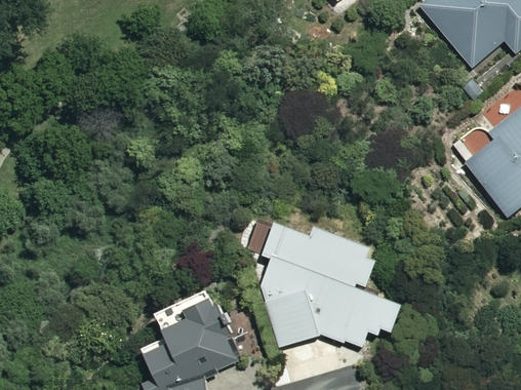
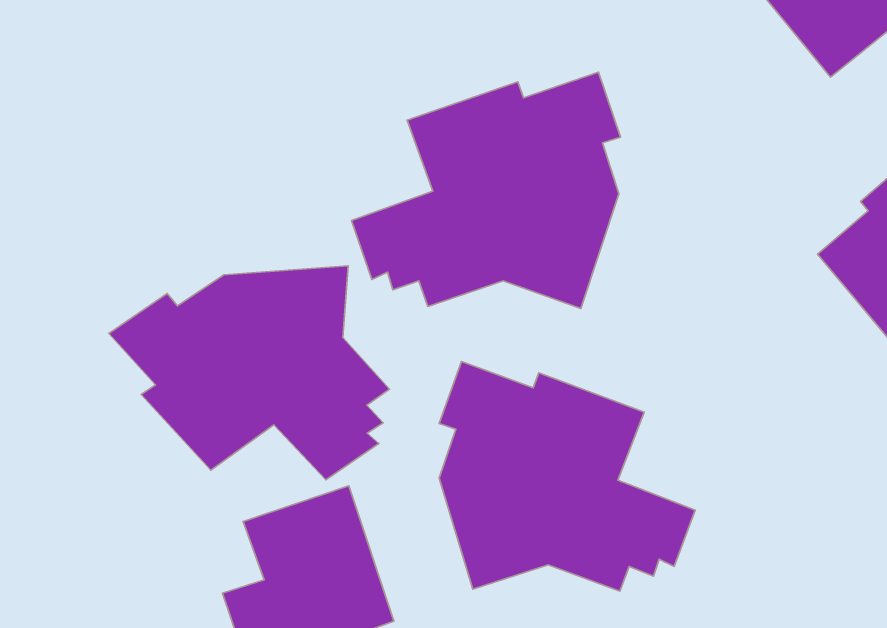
building: none -> [352,72,620,308]
building: none -> [109,266,390,480]

